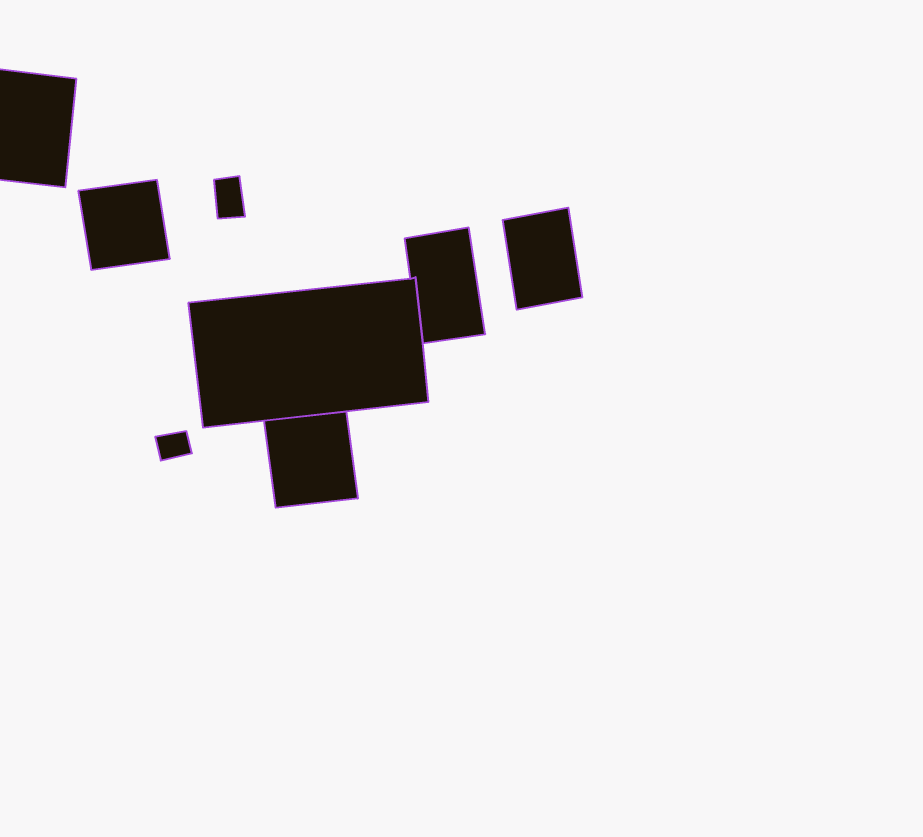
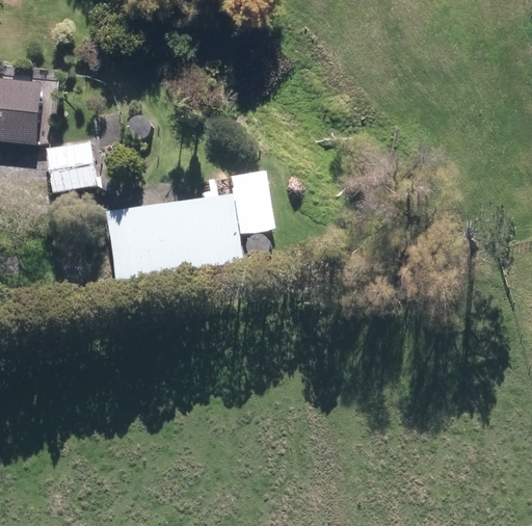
building: [503,208,582,310] -> none
building: [264,411,358,508] -> none

